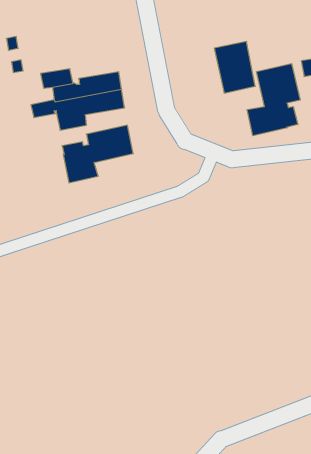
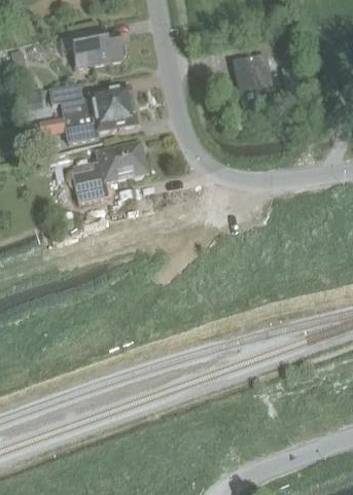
building: none -> [71,28,125,67]
building: [247,64,300,136] -> none

